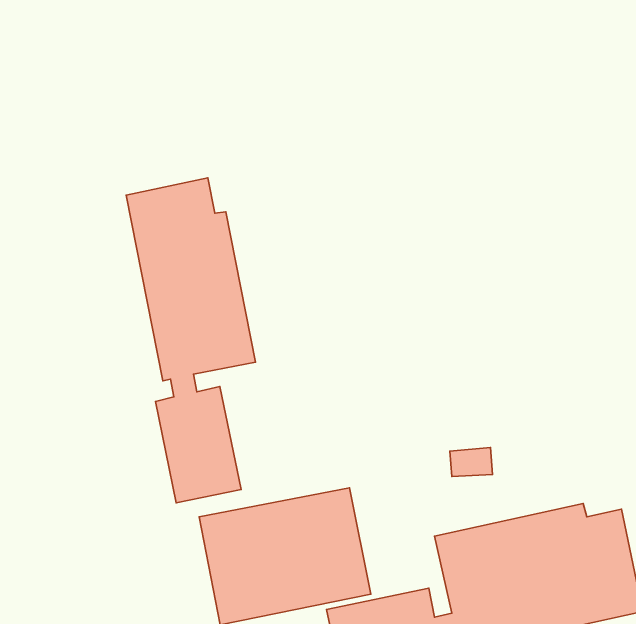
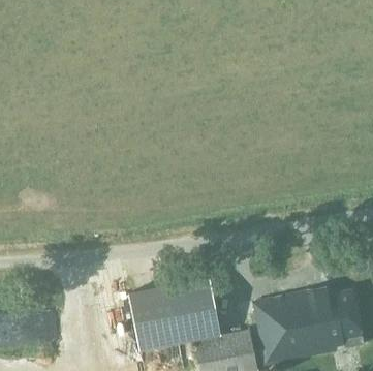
building: [126,178,256,503] -> none

